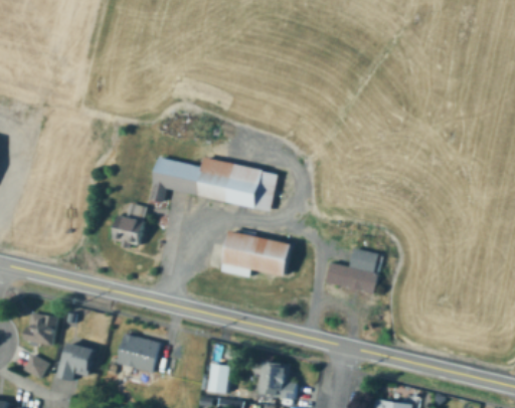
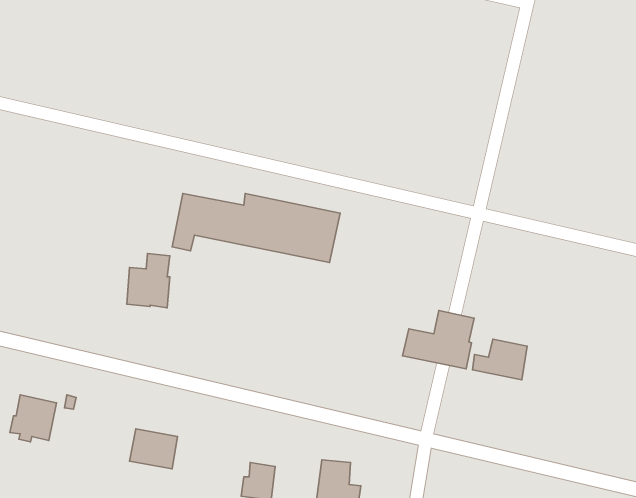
building: [223,229,297,275] -> none
building: none -> [472,339,527,380]
building: [58,344,89,379] -> none
building: [22,355,48,380] -> none

